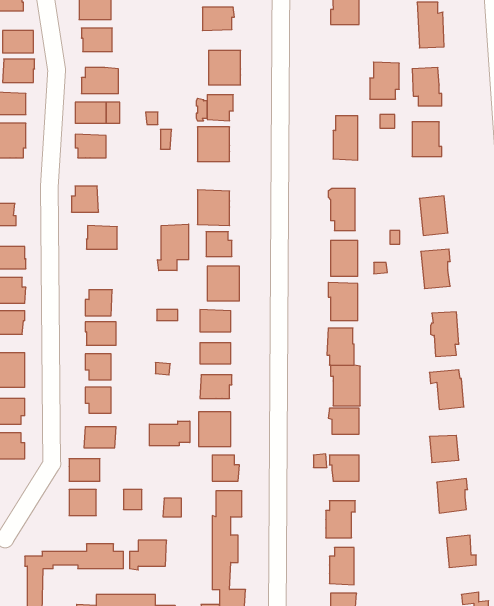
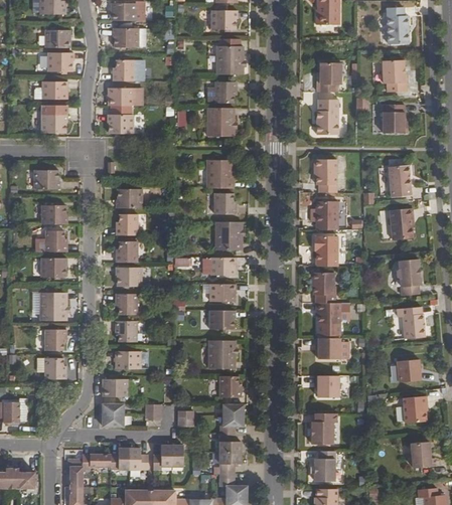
building: [370,62,399,99] -> [317,62,341,93]
building: [71,186,99,212] -> [116,214,138,235]
building: [157,224,189,271] -> none
building: [149,421,190,446] -> none

